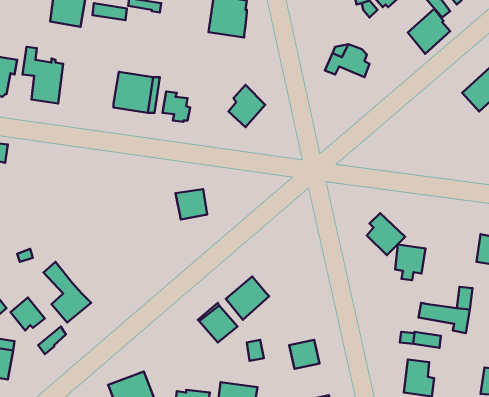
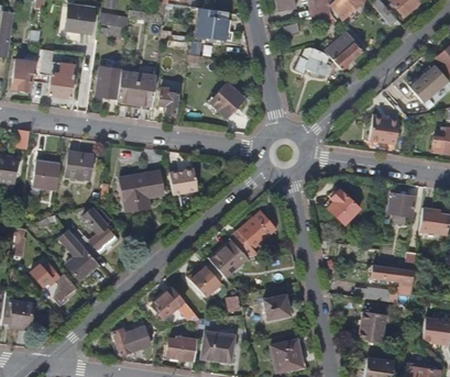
building: [408,9,450,54] -> [326,32,361,69]
building: none -> [96,67,121,98]
building: none -> [367,115,398,143]
building: none -> [65,152,92,179]
building: none -> [32,162,59,190]
building: none -> [118,168,164,211]
building: none -> [83,209,113,256]
building: none -> [231,213,274,256]
building: [395,244,425,280] -> [388,192,414,222]
building: none -> [152,288,185,319]

